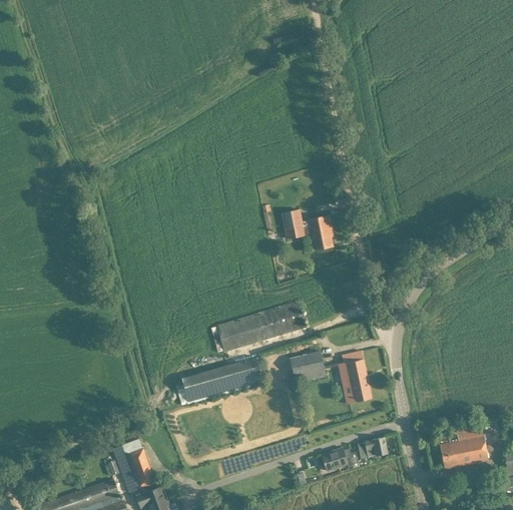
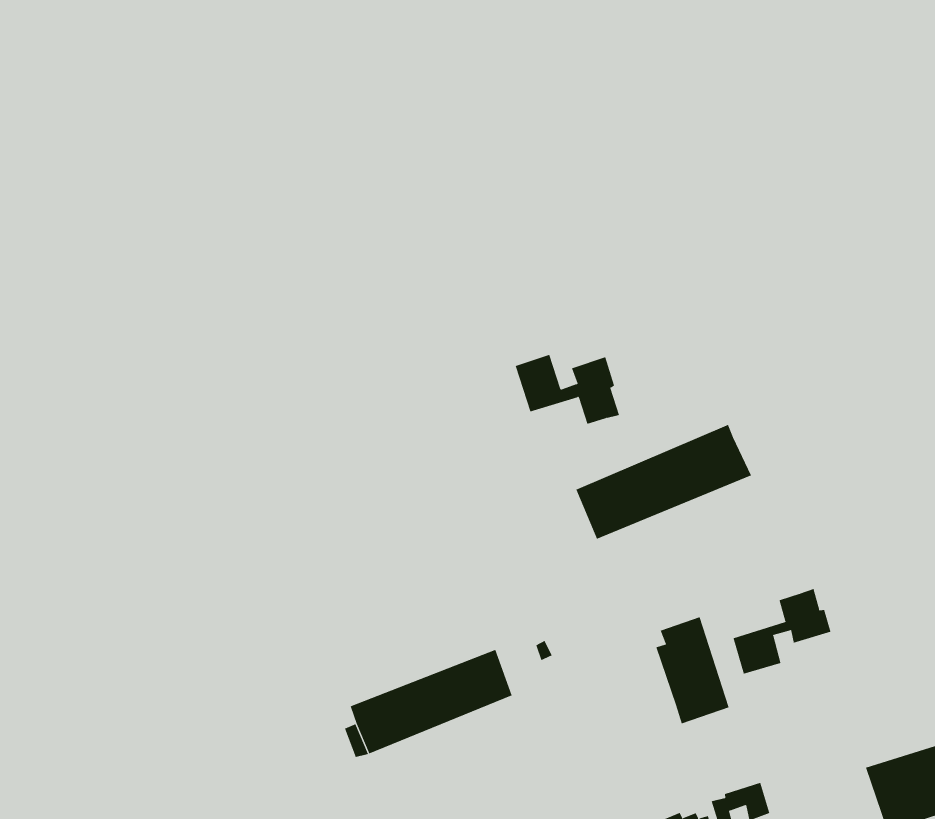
building: [217,301,307,352] -> [575,424,752,539]
building: none -> [733,588,831,675]
building: [290,350,328,384] -> none

